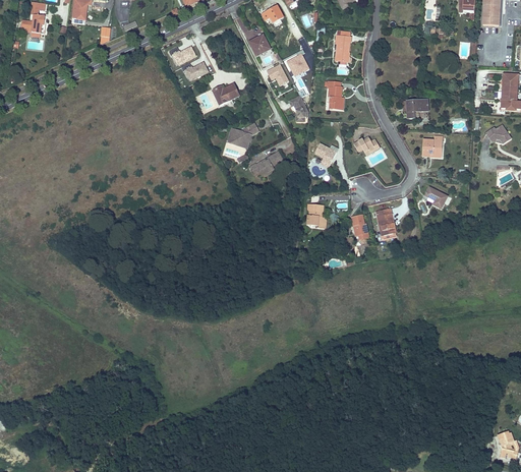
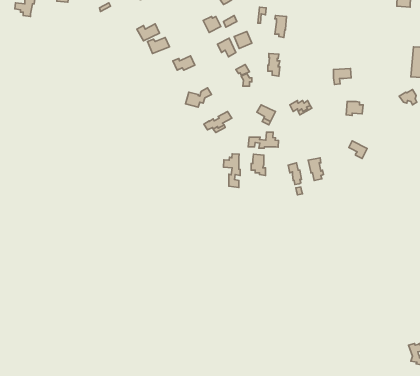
building: none -> [248,132,279,148]
building: none -> [224,154,240,187]

